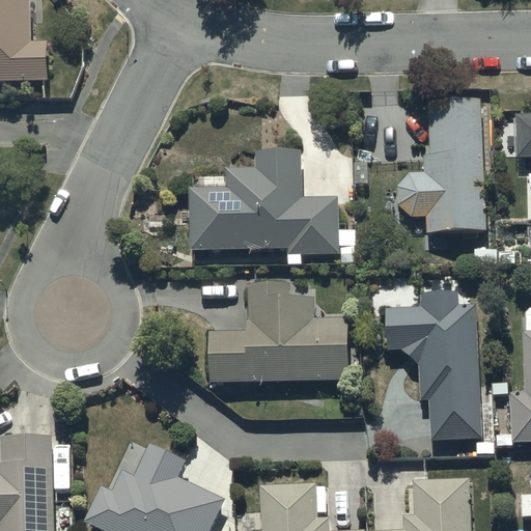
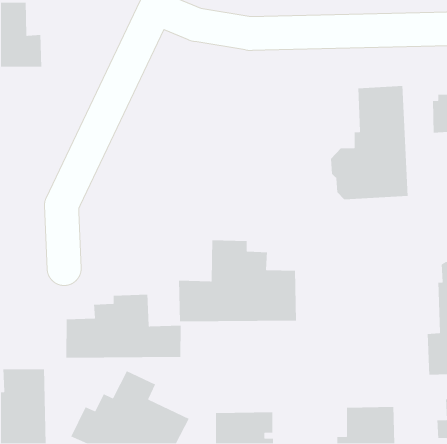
building: [193,152,336,257] -> none
building: [379,295,486,442] -> none
building: none -> [65,294,182,358]

